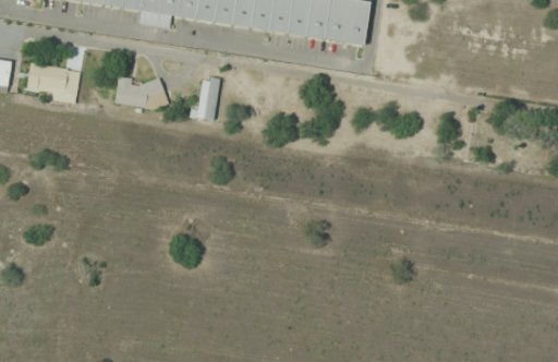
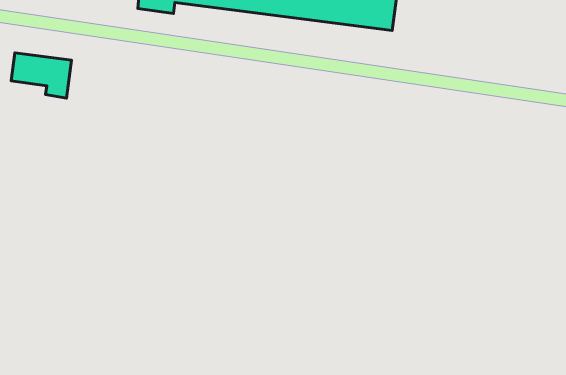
building: [114,77,165,109] -> none
building: [196,83,221,122] -> none

